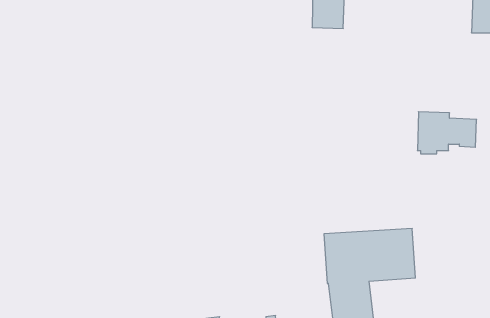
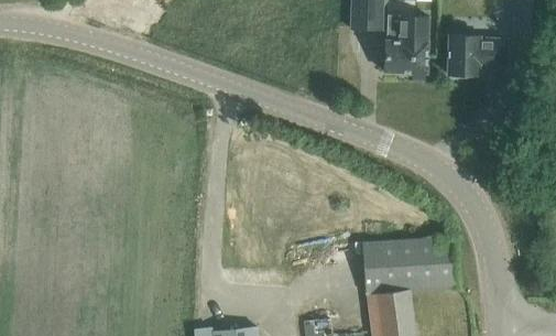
building: none -> [380,15,427,73]
building: [417,112,477,154] -> [446,34,506,77]

